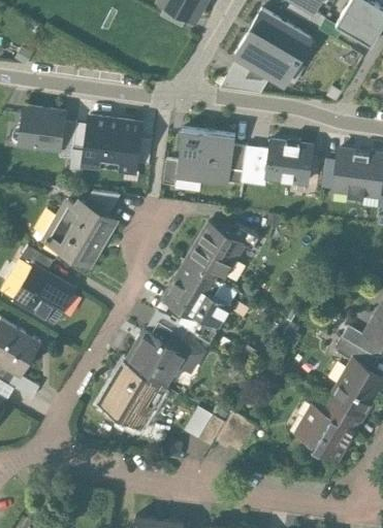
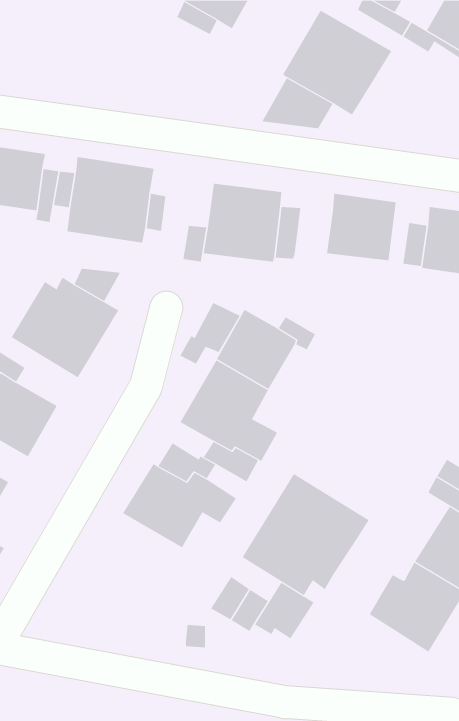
building: [244,147,269,184] -> none
building: none -> [179,302,240,364]
building: none -> [242,473,369,596]
building: [99,363,164,434] -> none

